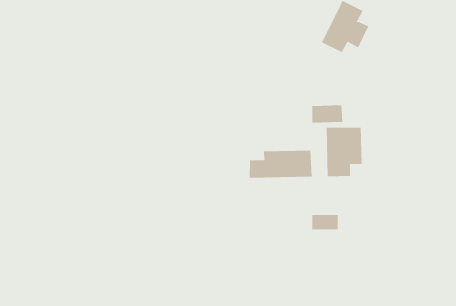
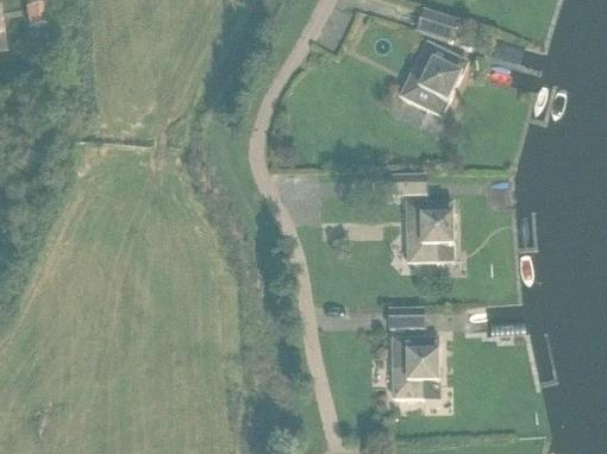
building: [249,150,312,178] -> none
building: none -> [393,336,438,398]

